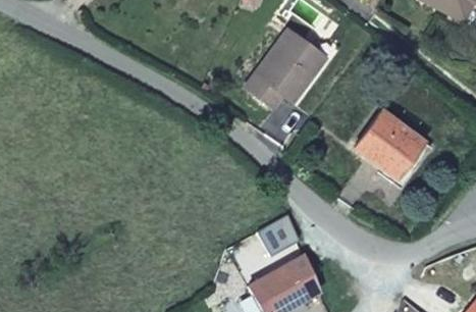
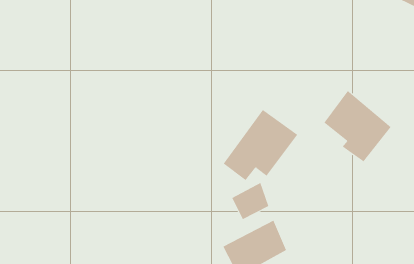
building: [246,29,329,108] -> [223,109,298,181]

